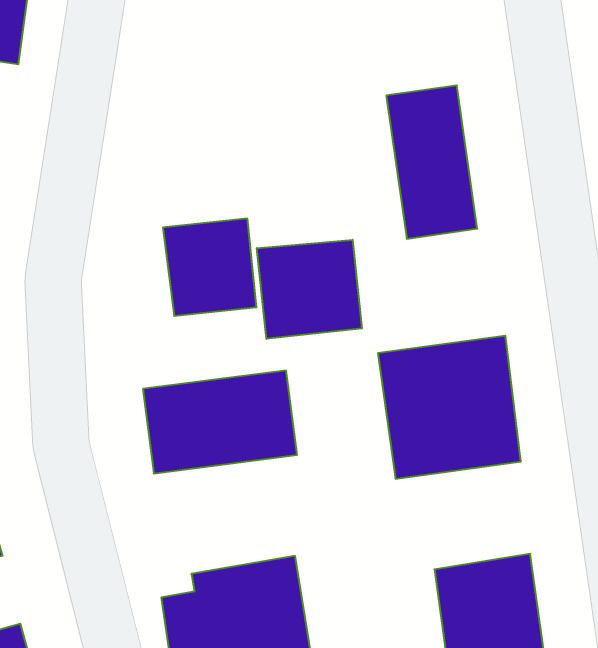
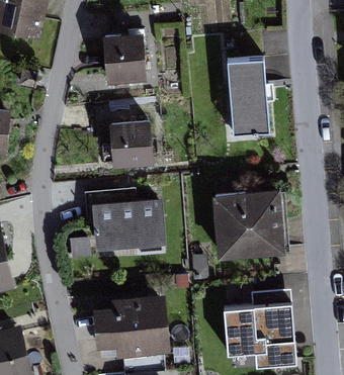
building: none -> [104,34,145,84]
building: [257,240,362,339] -> none

